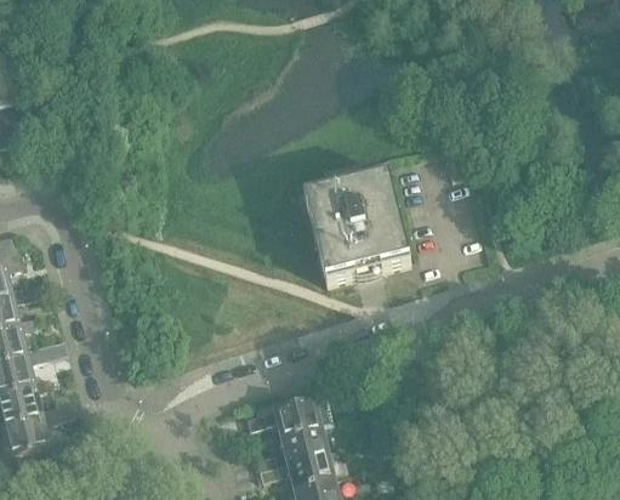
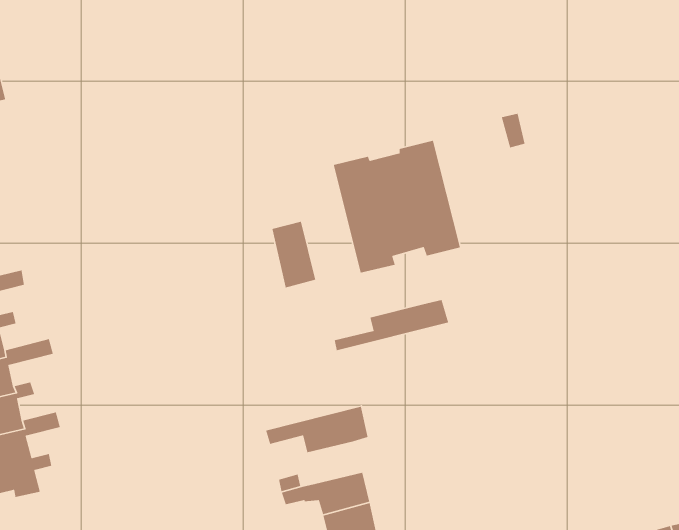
building: none -> [271,221,316,288]
building: none -> [334,299,449,351]
building: [279,425,326,460] -> none

